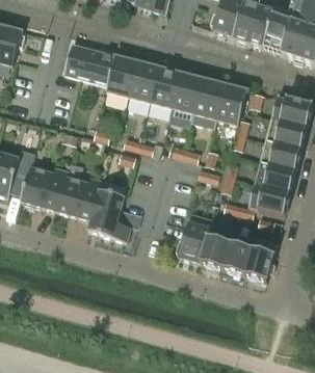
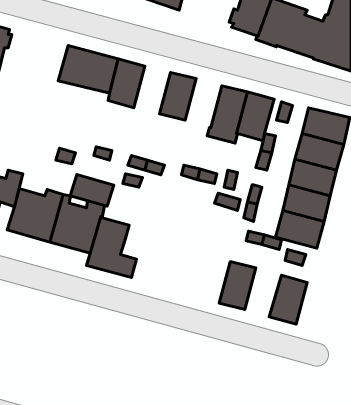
building: [129,61,160,102] -> none
building: [173,72,204,113] -> none
building: none -> [70,175,114,206]
building: [177,213,214,263] -> none
building: [224,233,255,274] -> none

